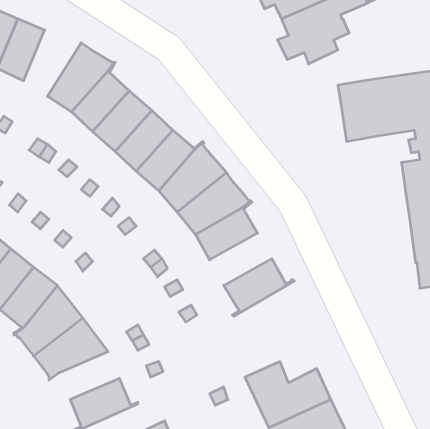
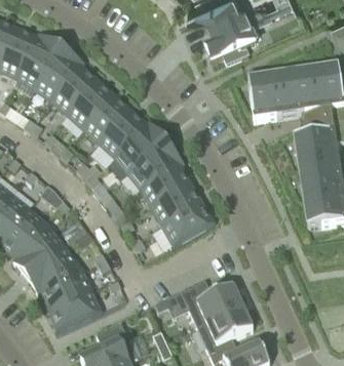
building: none -> [21,37,63,91]
building: none -> [156,191,201,229]
building: none -> [39,277,90,312]

